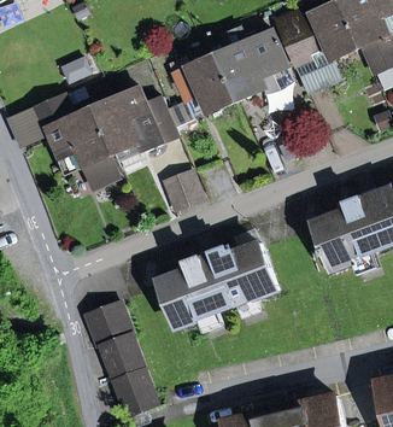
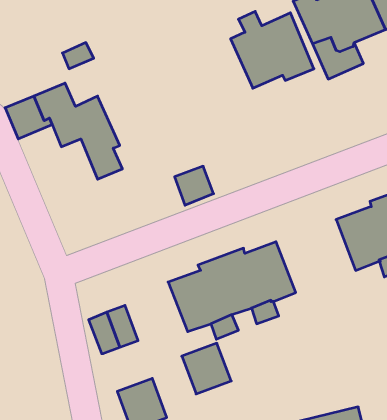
building: [170,52,235,110] -> none
building: [92,84,177,151] -> none
building: [96,332,142,379] -> [182,343,231,394]

